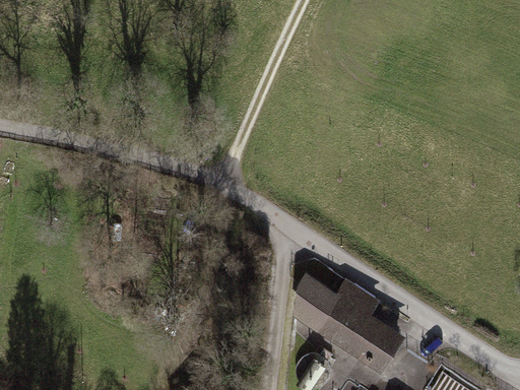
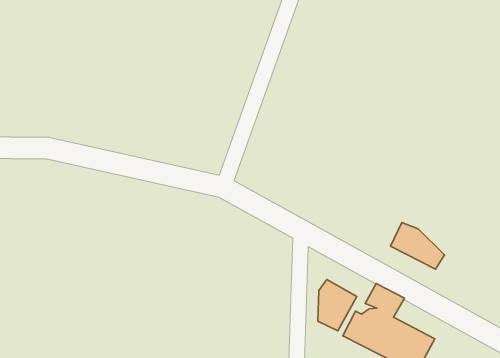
building: none -> [390,222,444,269]

